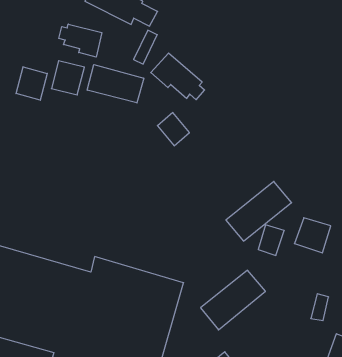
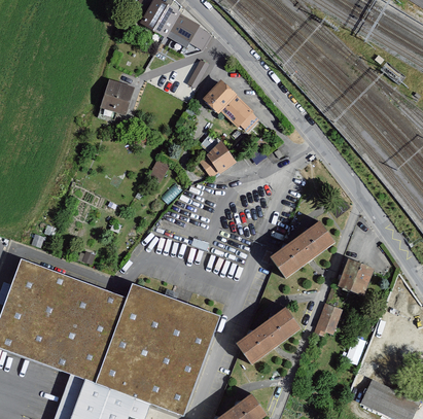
building: [59,24,102,57] -> none
building: [87,65,144,103] -> none
building: [16,67,47,100] -> none
building: [258,225,284,255] -> [314,303,342,335]

